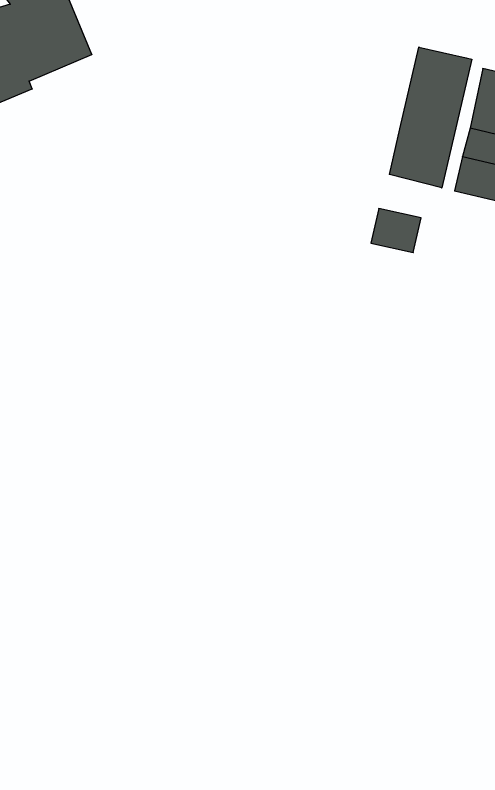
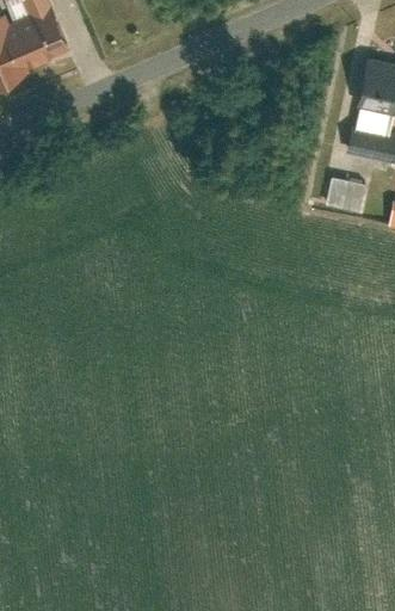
building: [389,47,472,188] -> none
building: [371,209,421,253] -> [327,178,365,211]

